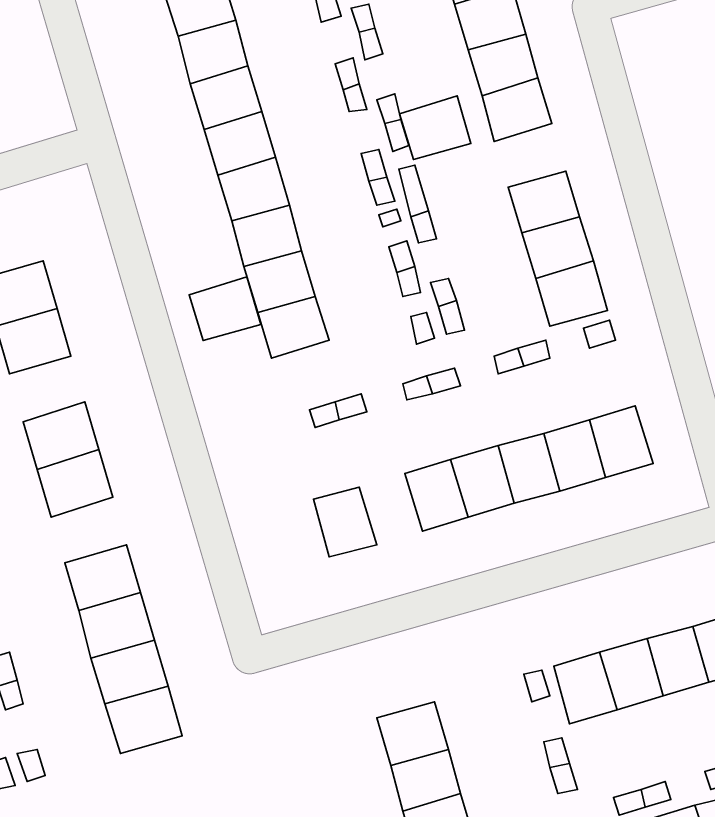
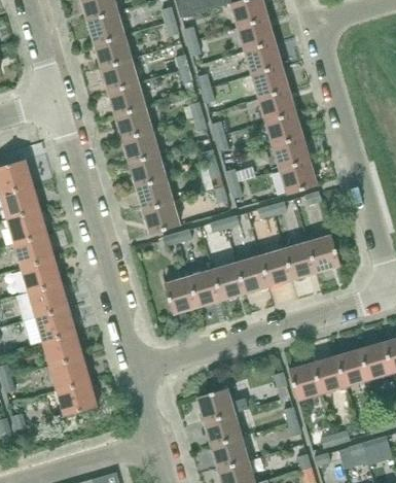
building: [399,96,471,160] -> [258,89,295,122]
building: [189,277,261,340] -> [143,201,180,234]
building: none -> [7,209,46,243]
building: none -> [188,270,221,307]
building: none -> [16,282,68,320]

